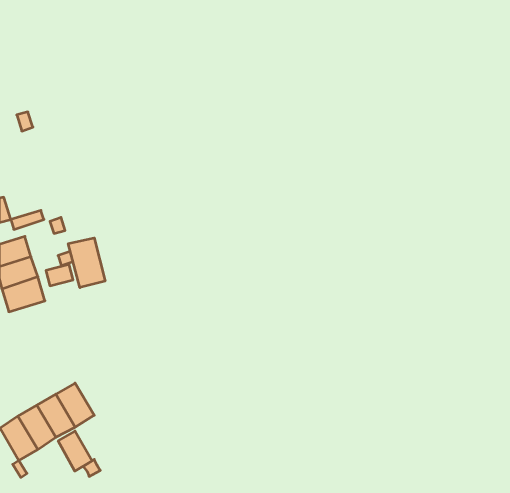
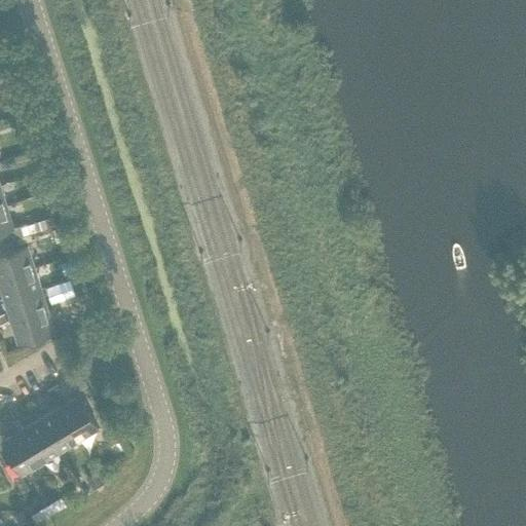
building: [68,238,105,288] -> none
building: none -> [9,314,52,346]
building: [58,431,92,471] -> none

